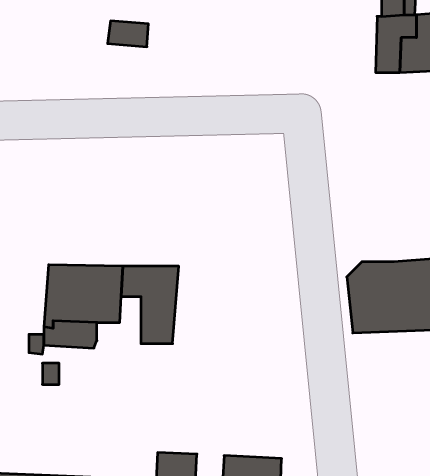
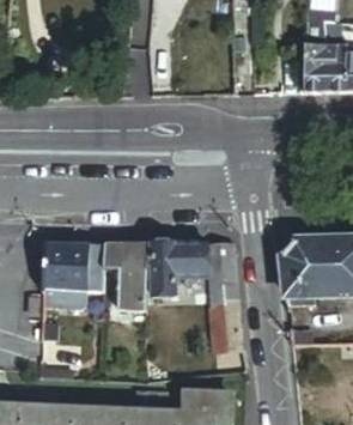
building: none -> [151,239,242,346]

